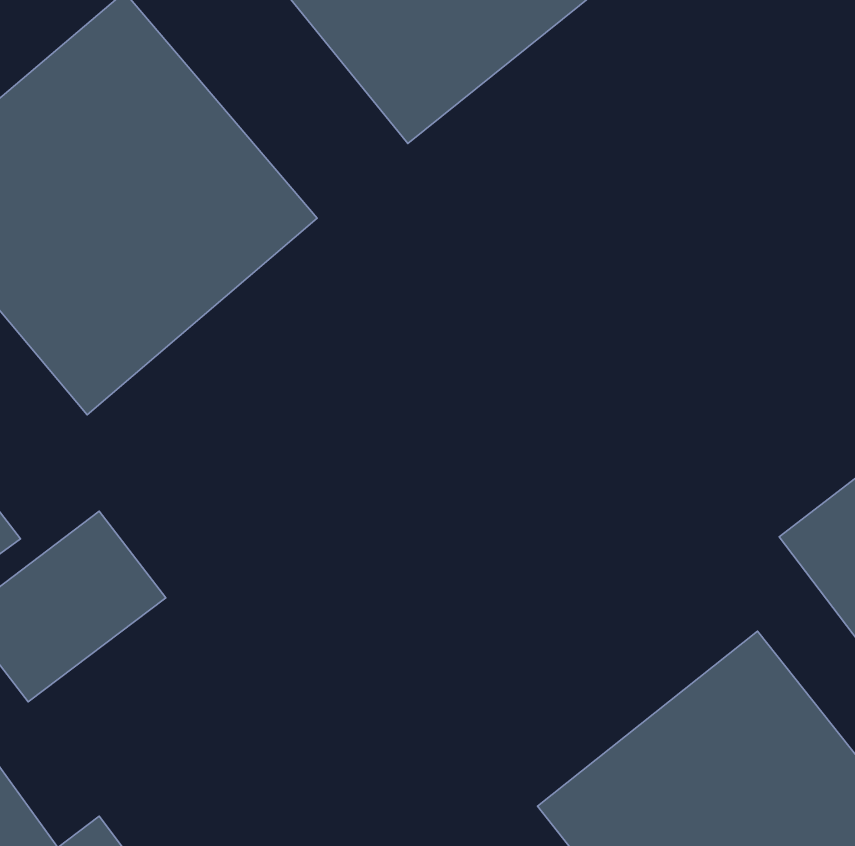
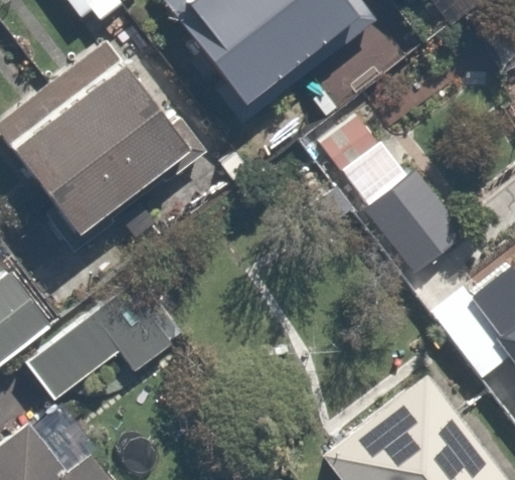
building: none -> [334,131,466,277]

